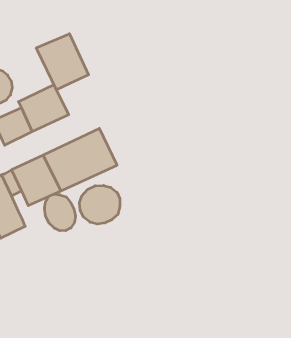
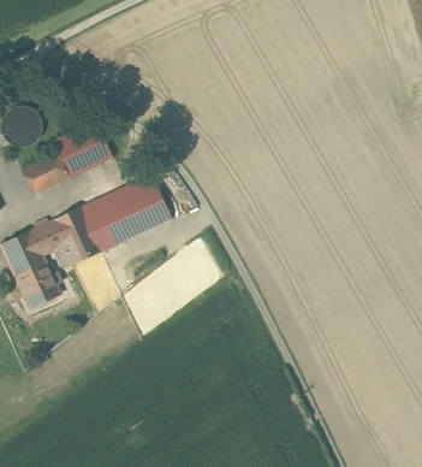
building: [36,34,89,90] -> none
building: [79,185,120,224] -> none
building: [45,194,75,231] -> none

